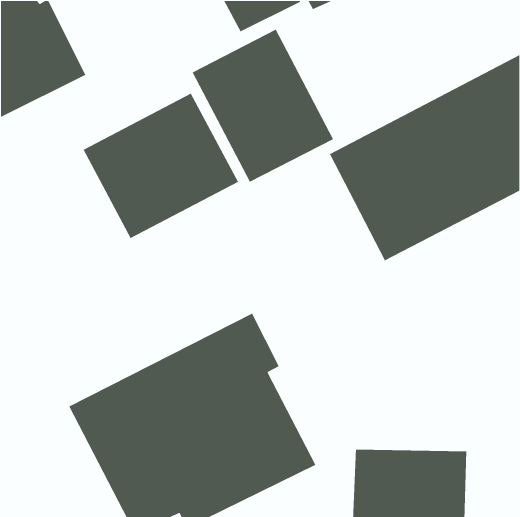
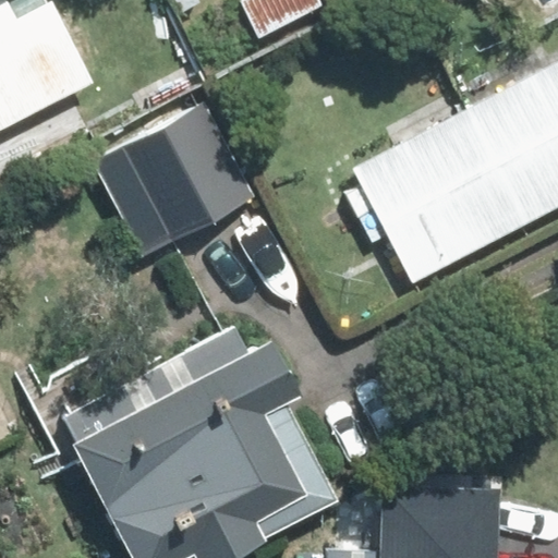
building: [191,29,334,183] -> none

